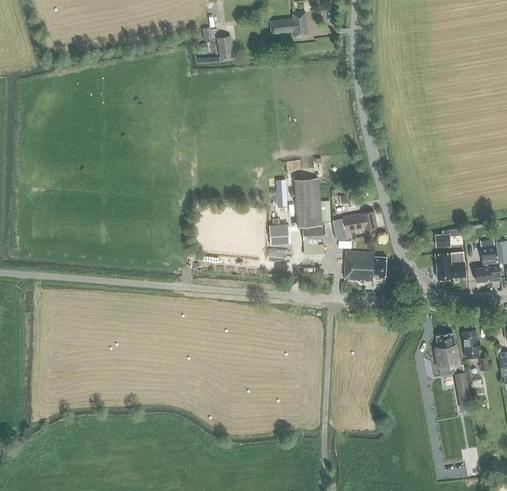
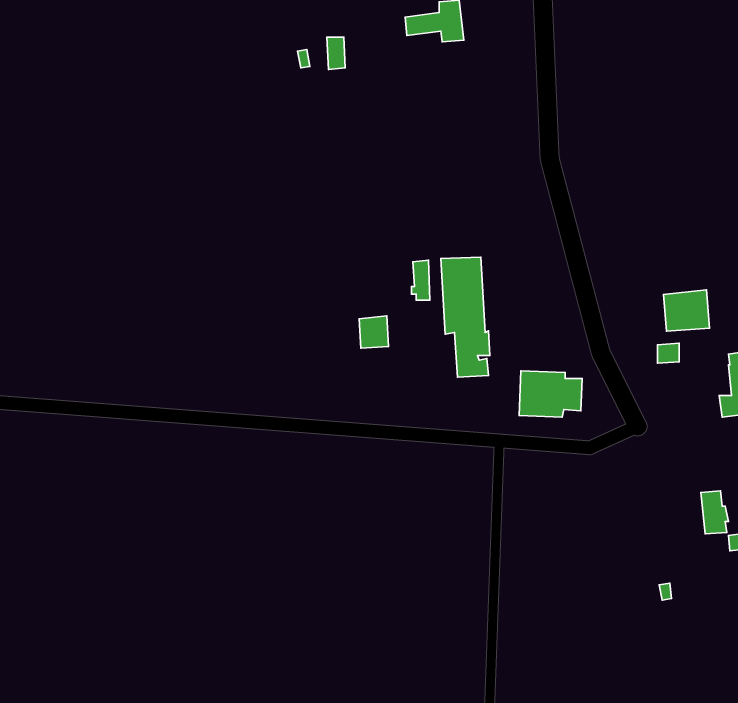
building: [332,211,377,239] -> none
building: [270,225,289,246] -> [359,316,388,348]
building: [435,252,465,279] -> [663,290,710,331]
building: [435,333,471,409] -> none

